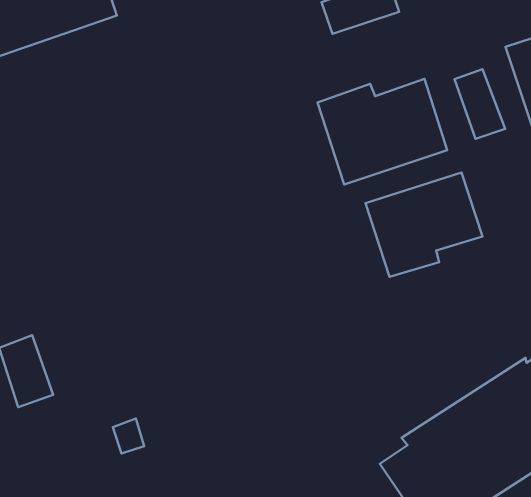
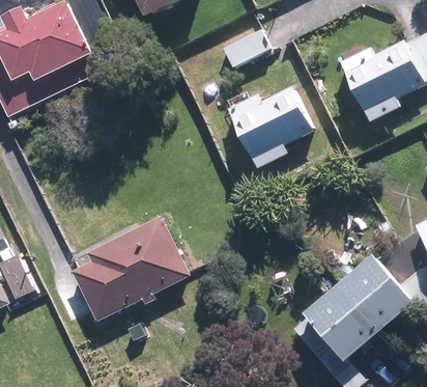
building: [365,172,483,277] -> none
building: none -> [72,213,190,320]

